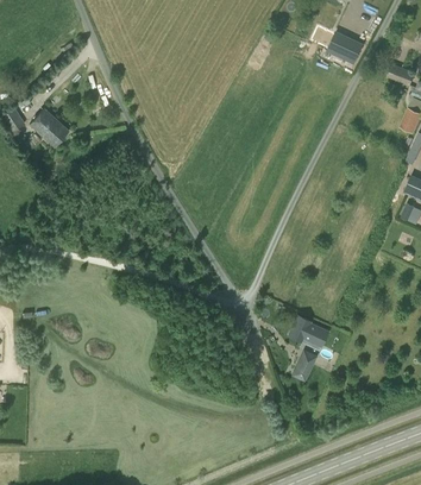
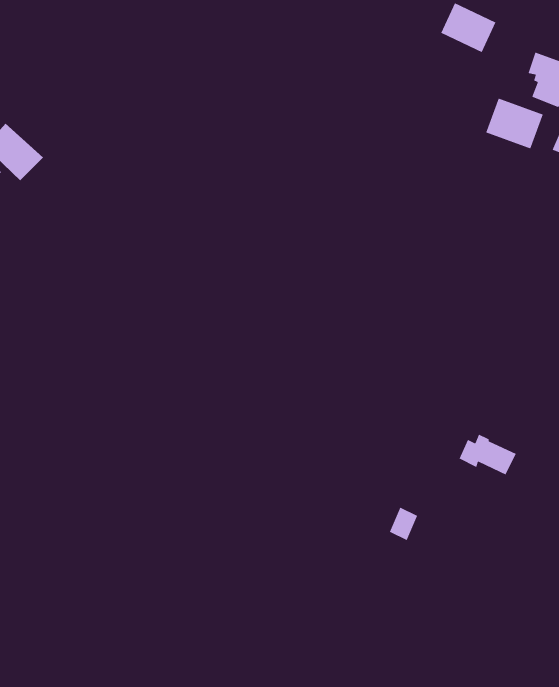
building: none -> [485,97,544,149]
building: [289,317,327,345] -> [459,433,517,475]

